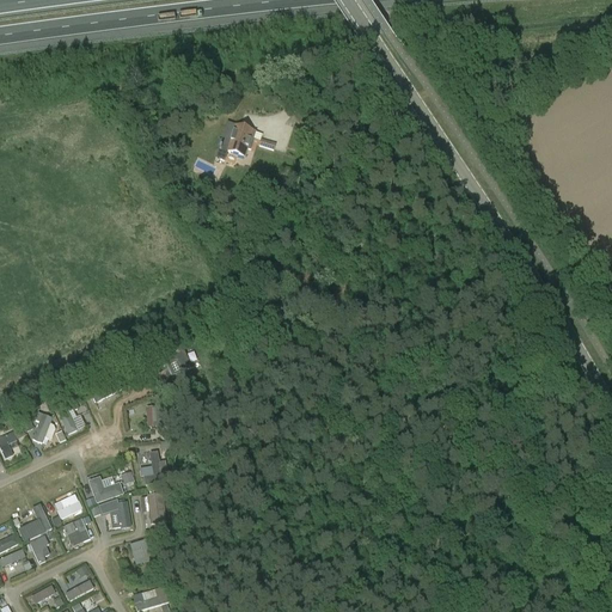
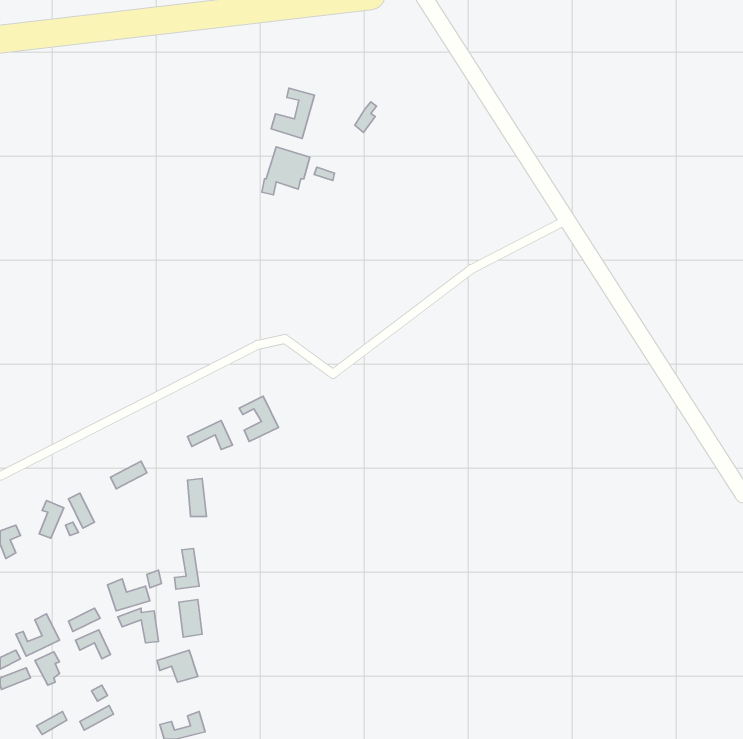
building: none -> [271,88,315,138]
building: none -> [239,396,279,441]

